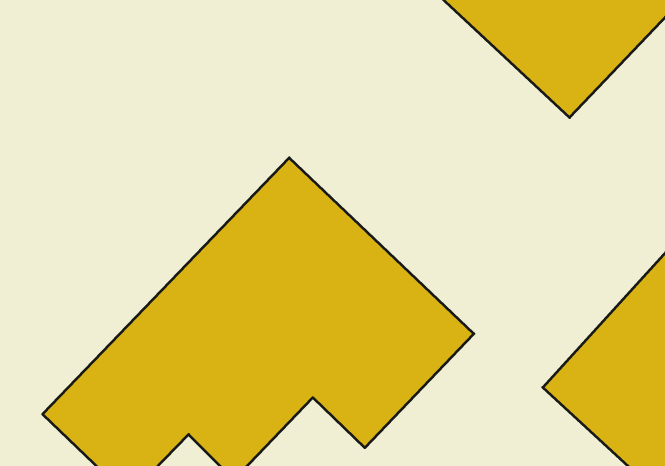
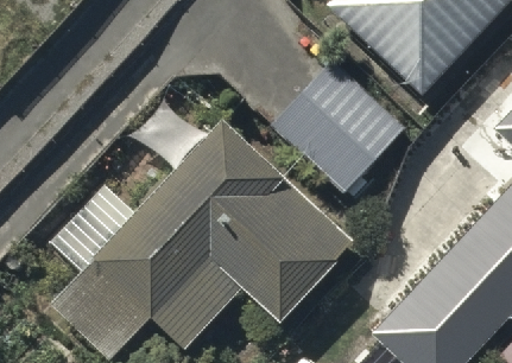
building: none -> [268,58,404,193]

